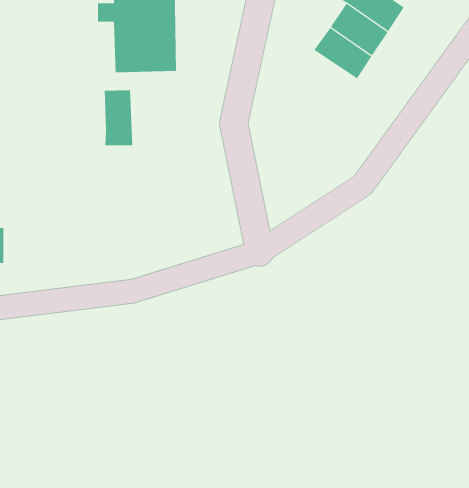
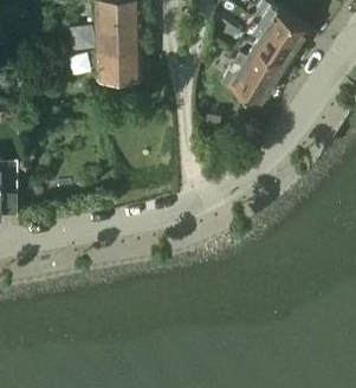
building: none -> [228,63,272,102]
building: [104,90,133,146] -> none

